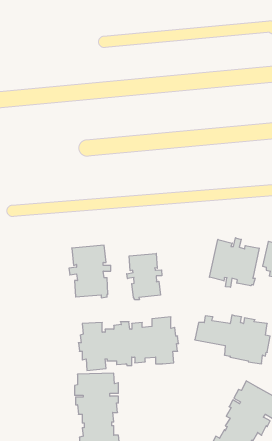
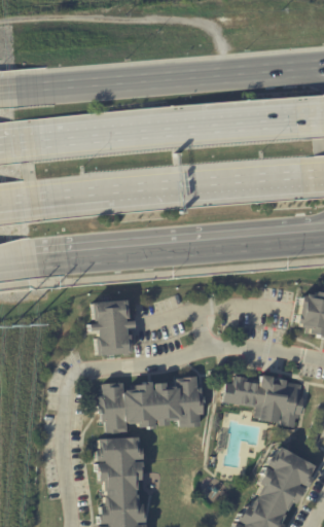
building: [209,238,259,287] -> none
building: [127,253,162,300] -> none

